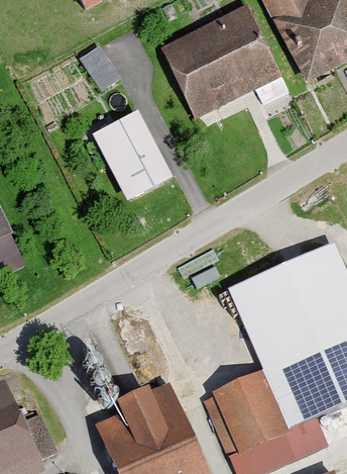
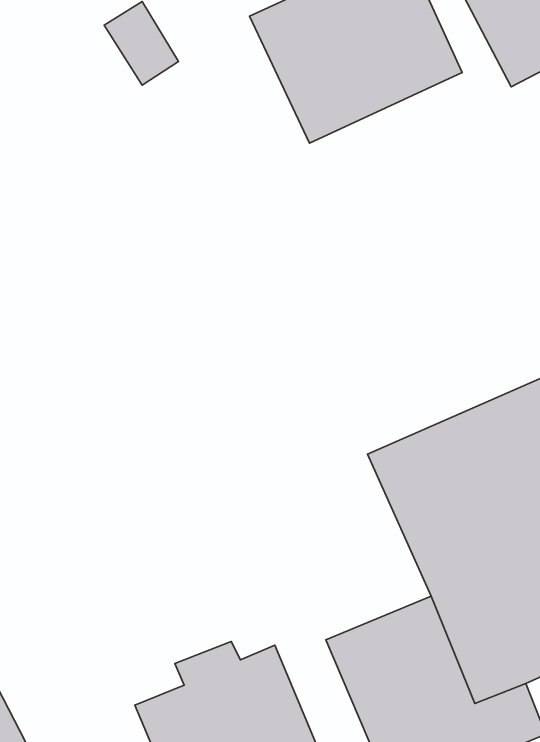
building: [92,110,174,202] -> none

